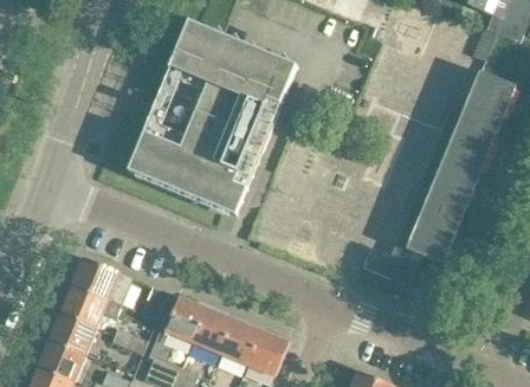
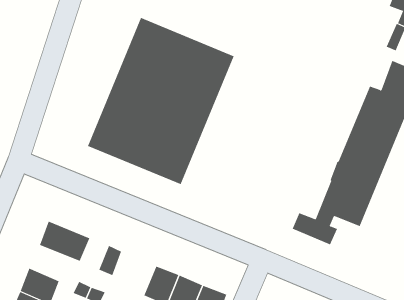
building: [60,285,119,327] -> none
building: [164,297,207,343] -> none

